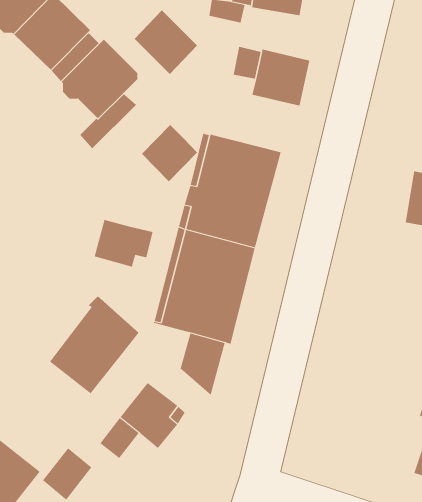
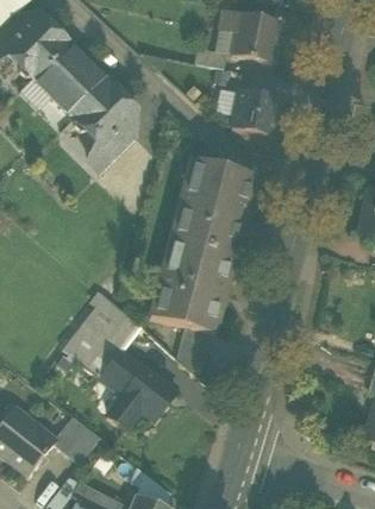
building: [134,10,198,75] -> none
building: [141,124,198,182] -> none
building: [94,219,153,268] -> none
building: none -> [96,346,143,394]

